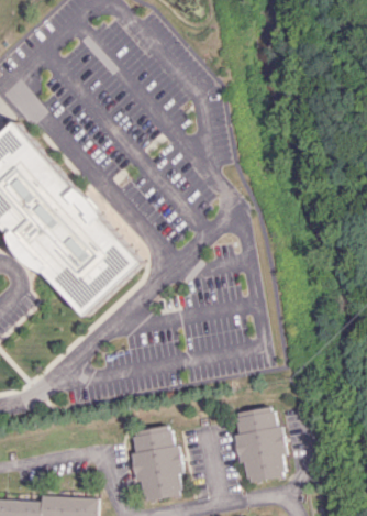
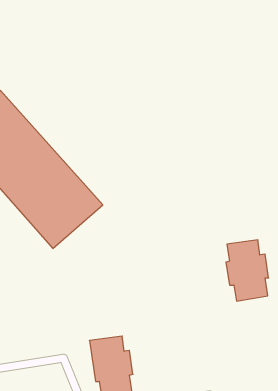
building: [232,407,285,483] -> [226,240,269,301]

